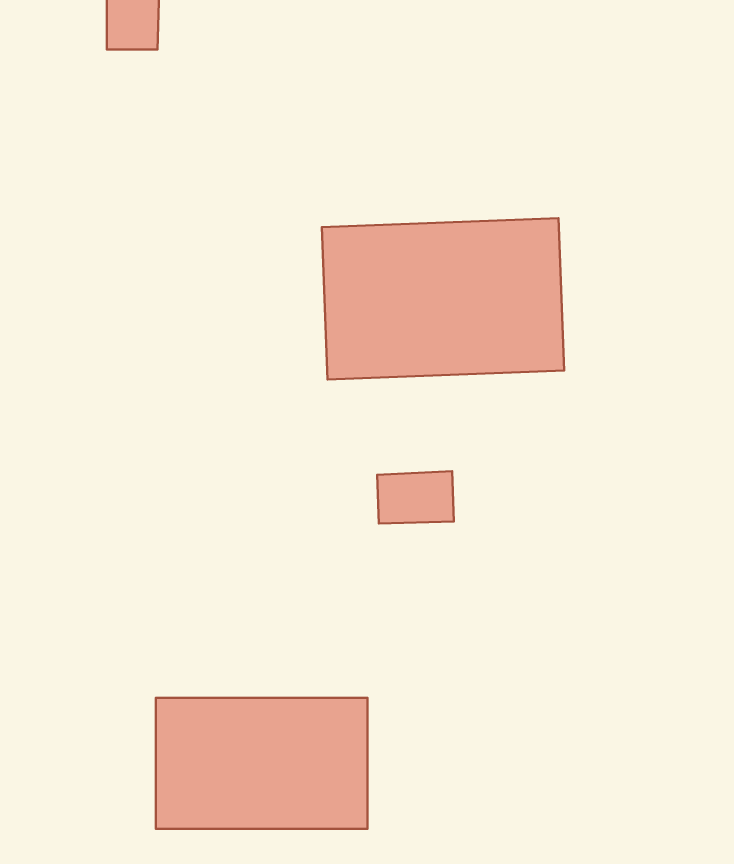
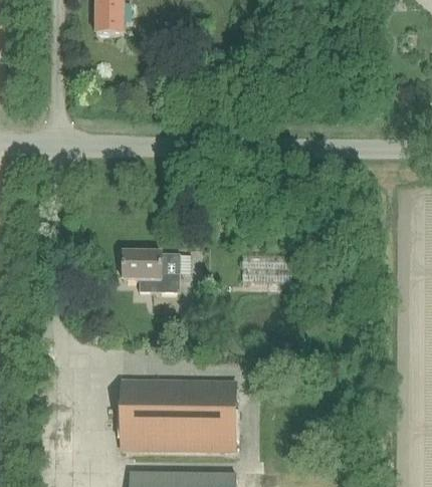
building: [322,218,564,379] -> none
building: none -> [122,252,178,287]

